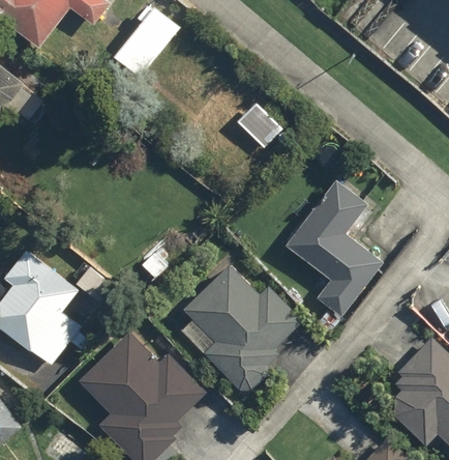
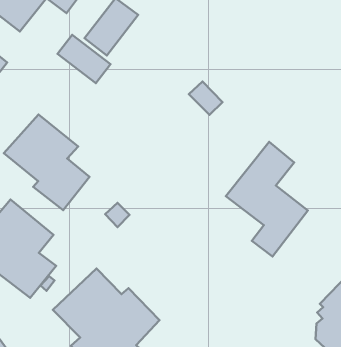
building: none -> [58,35,110,83]
building: none -> [4,114,90,210]
building: [182,263,302,390] -> none

